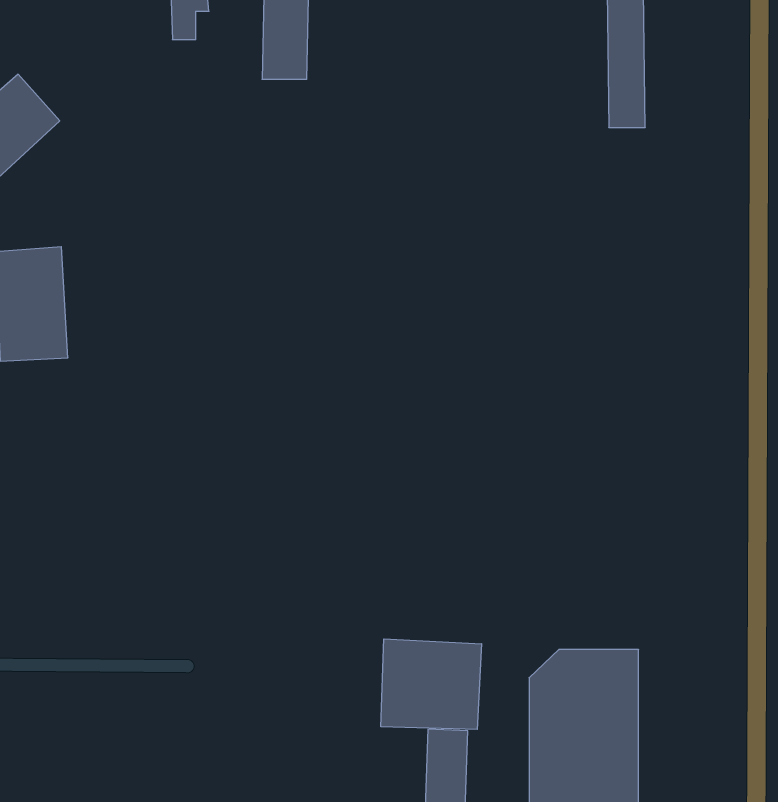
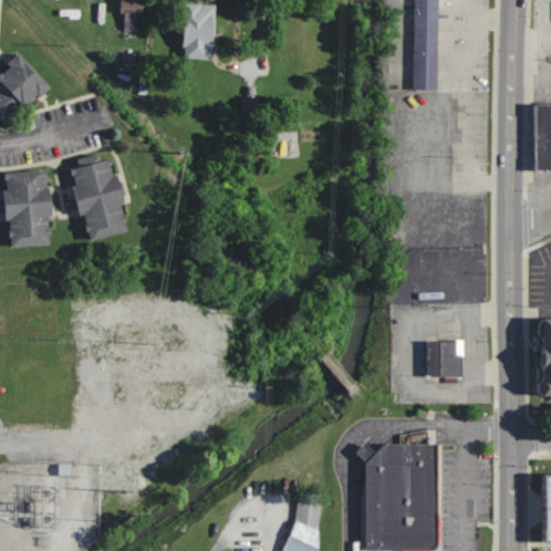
building: none -> [74,162,128,242]
building: none -> [425,337,462,375]
building: [381,639,482,729] -> none

